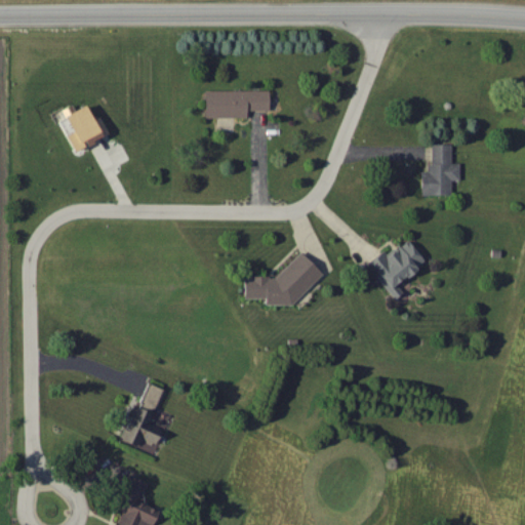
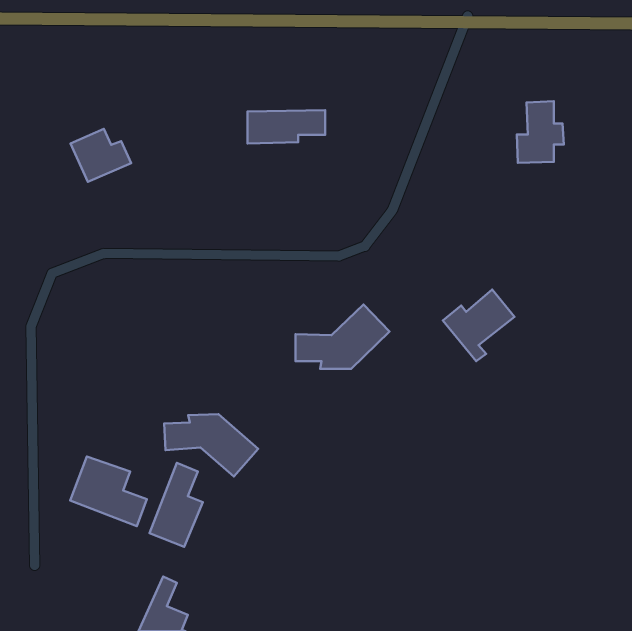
building: [421,145,460,196] -> [517,101,564,163]
building: none -> [164,414,258,476]
building: none -> [70,456,147,526]

